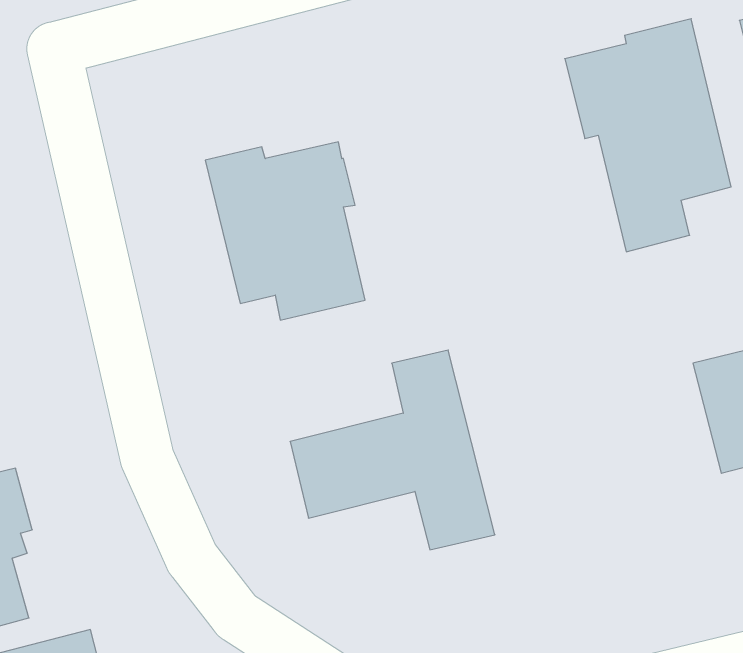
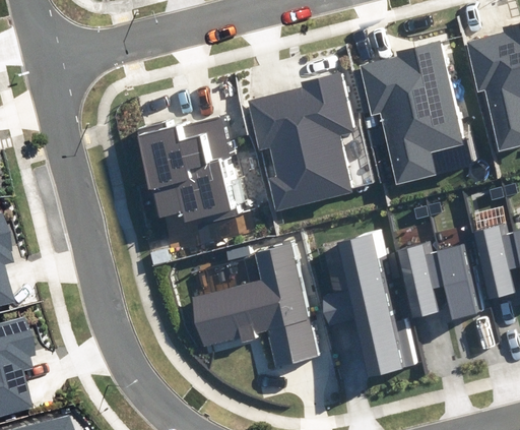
building: none -> [249,73,351,210]
building: none -> [323,235,404,377]
building: none -> [400,242,446,318]

